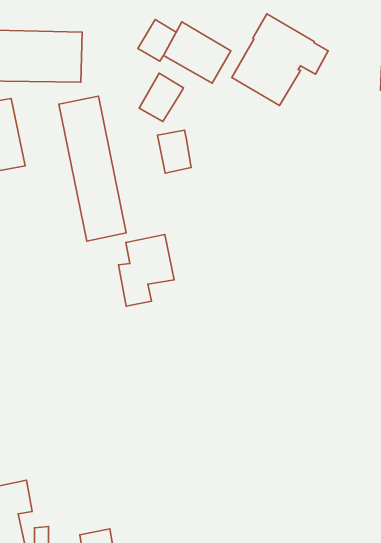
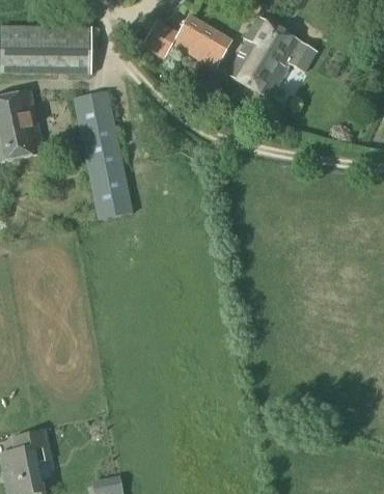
building: [139,73,184,122] -> none
building: [158,130,191,173] -> none
building: [118,235,174,306] -> none

